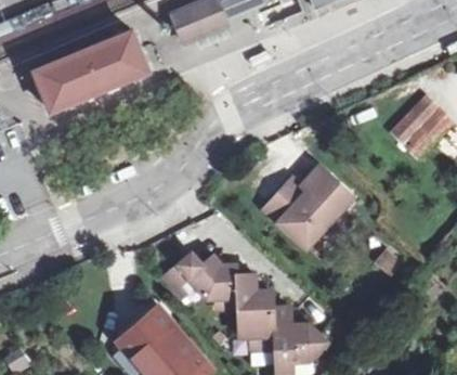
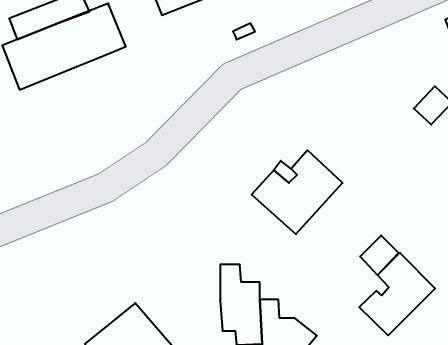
building: [392,96,436,158] -> none
building: [164,255,237,308] -> none
building: none -> [359,253,435,335]

